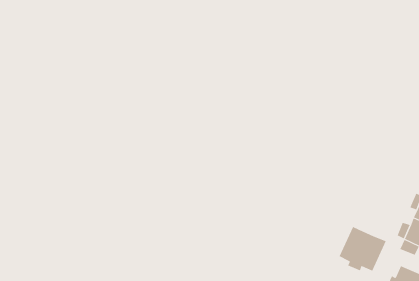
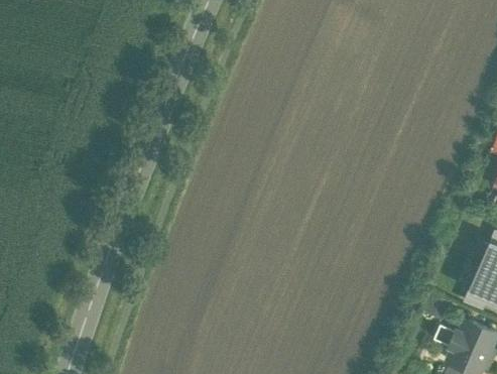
building: [339,226,386,271] -> none

